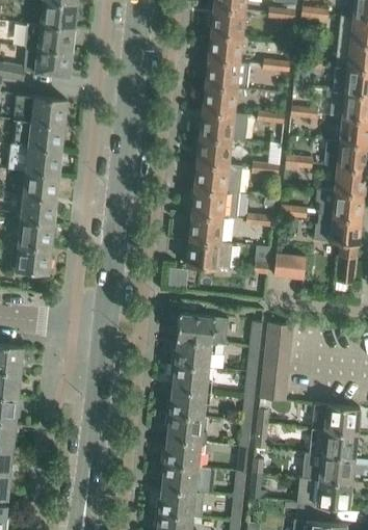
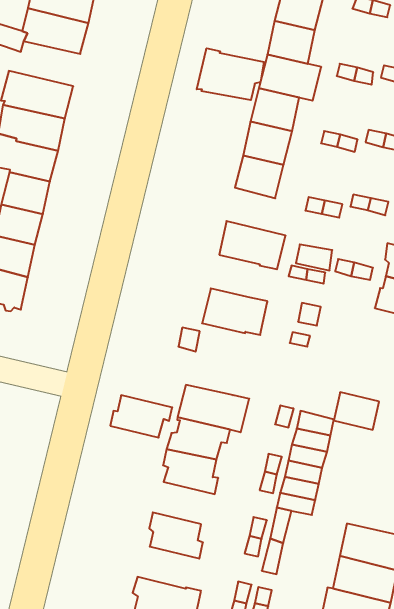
building: none -> [197,48,264,100]
building: [193,163,241,194] -> none
building: [188,215,222,244] -> none
building: [272,255,305,280] -> [334,392,379,430]
building: [166,391,211,419] -> [110,395,172,438]
building: [161,441,206,469] -> none

